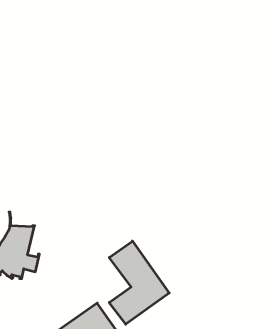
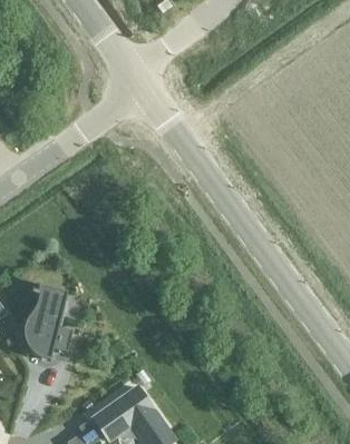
building: [109,241,169,324] -> none

